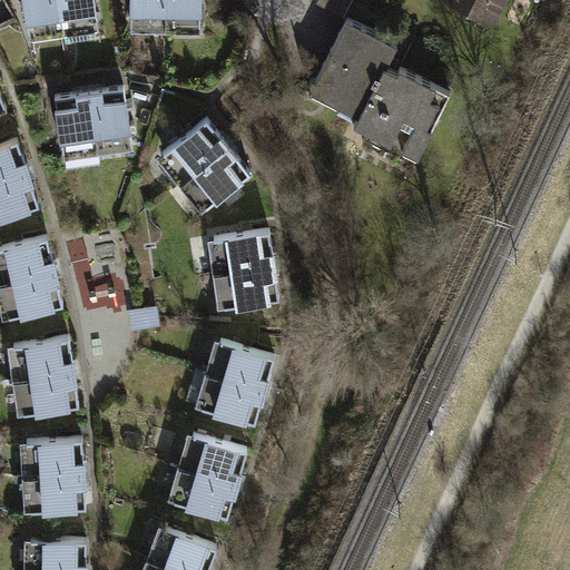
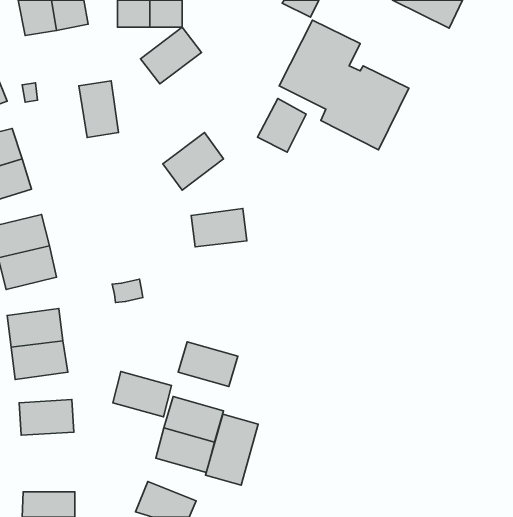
building: [52,95,96,156] -> none
building: none -> [258,99,306,152]
building: [158,118,225,180] -> [141,27,201,84]
building: [215,265,276,307] -> none
building: [206,342,271,392] -> [113,371,171,417]
building: none -> [206,414,258,485]
building: [23,475,82,513] -> none

